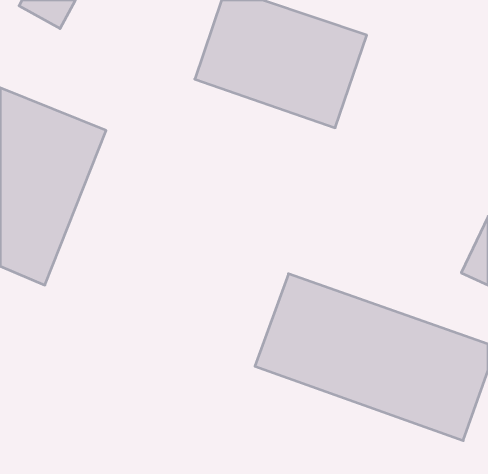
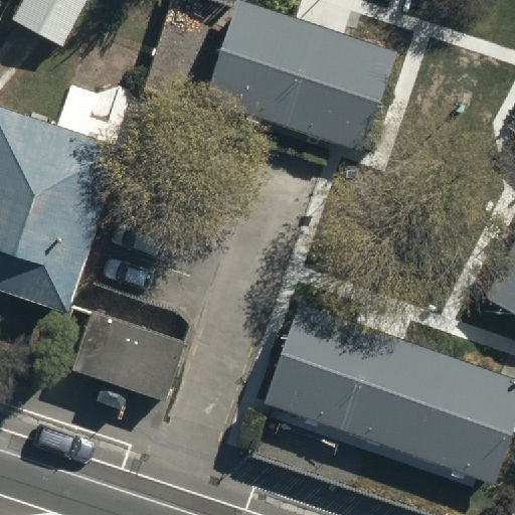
building: none -> [75,318,185,415]

